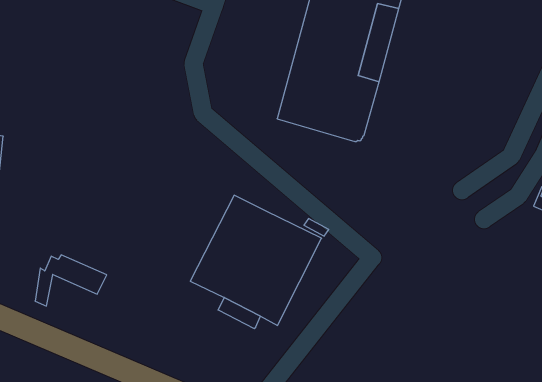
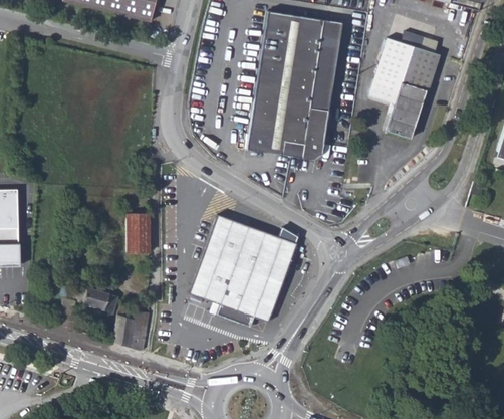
building: none -> [370,38,437,137]
building: none -> [128,213,150,251]
building: none -> [113,305,150,351]

